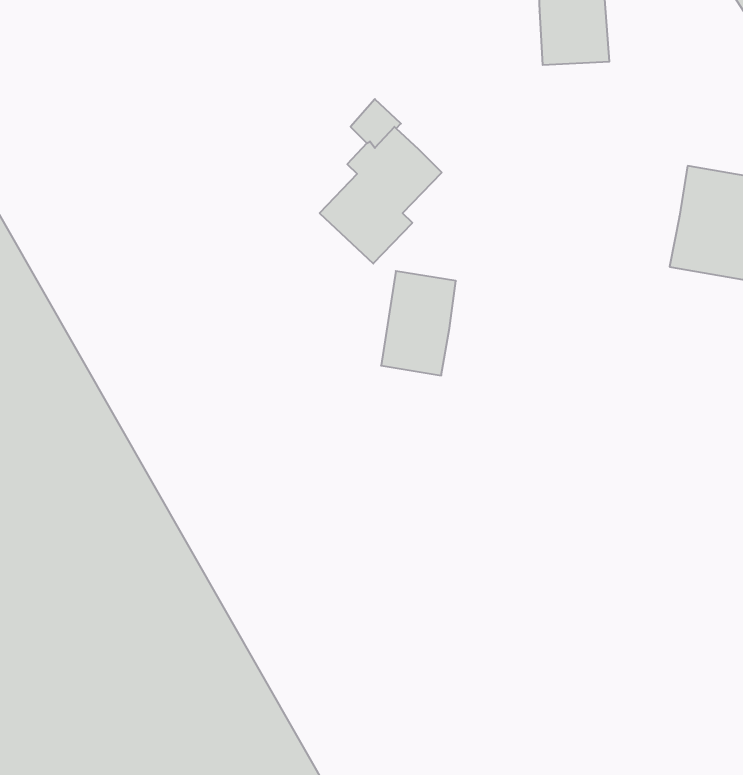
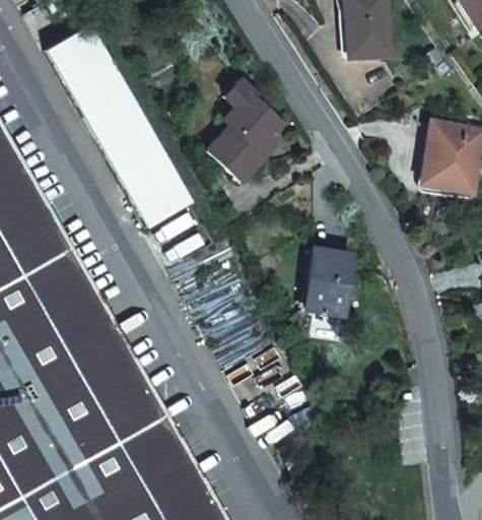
building: none -> [45,22,190,226]
building: [381,271,456,375] -> [305,249,352,314]

